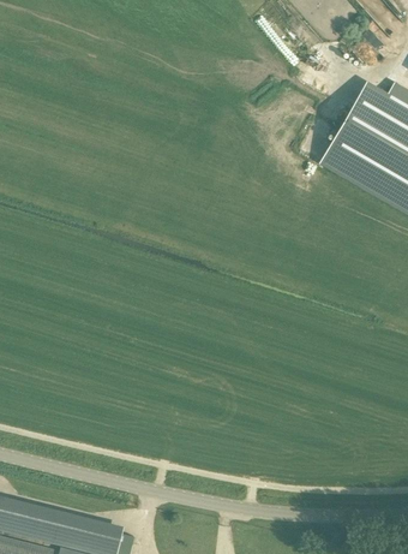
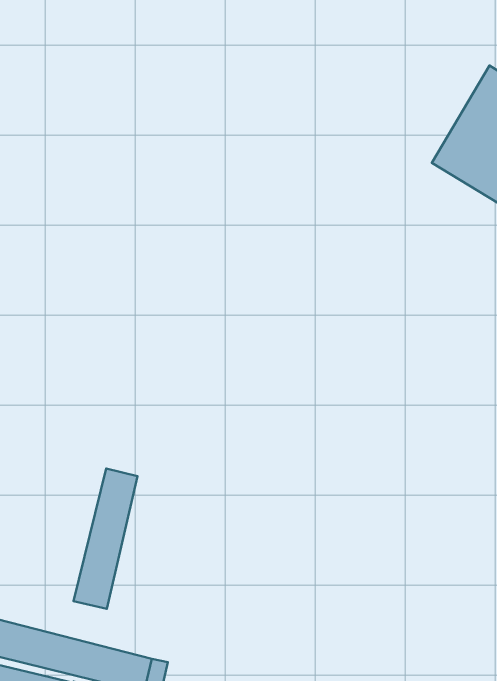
building: none -> [73,468,138,609]

